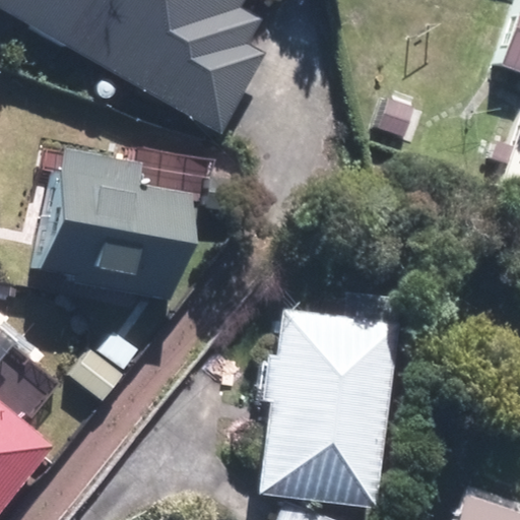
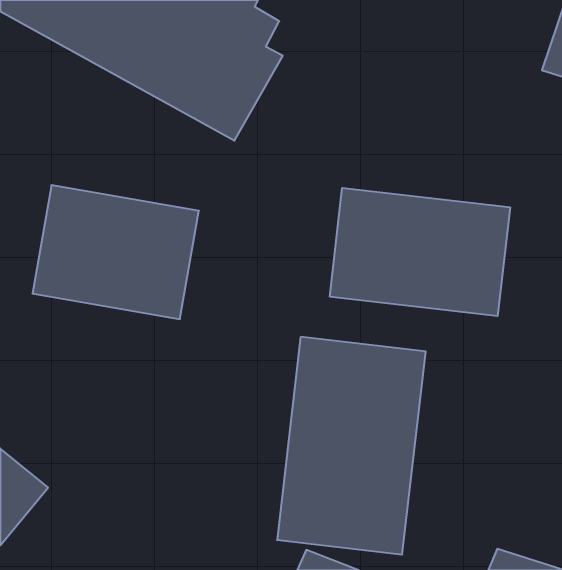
building: none -> [330,188,510,316]

